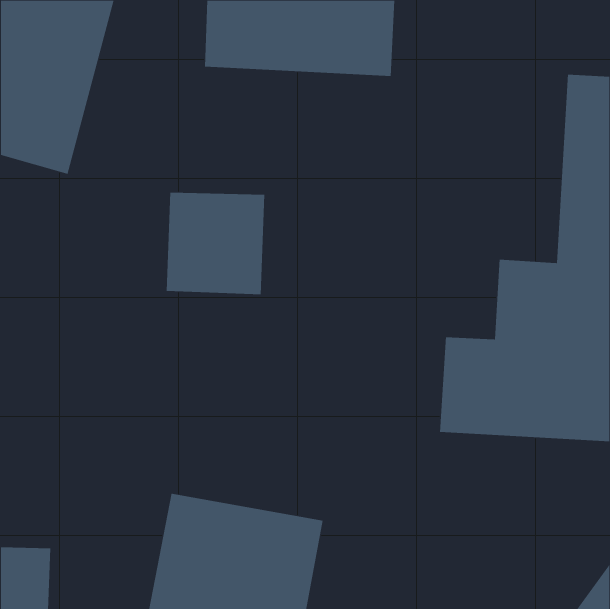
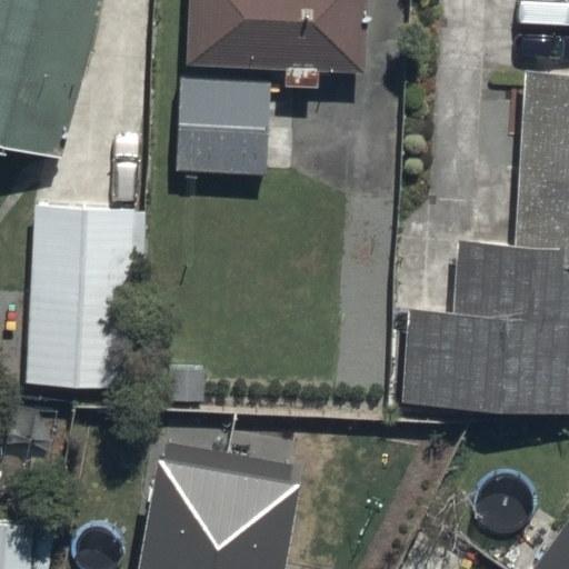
building: [166,192,265,295] -> [173,72,266,168]
building: none -> [24,200,143,379]

